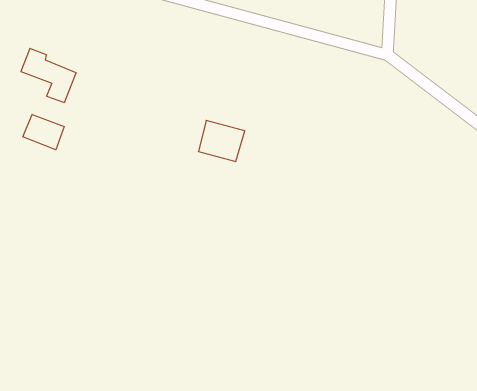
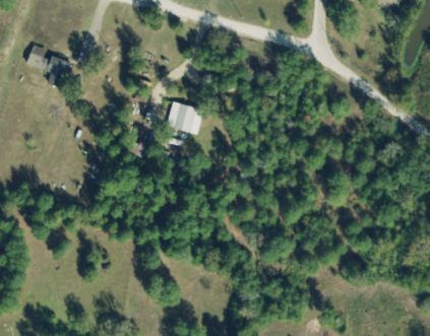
building: [23,114,64,150] -> none

